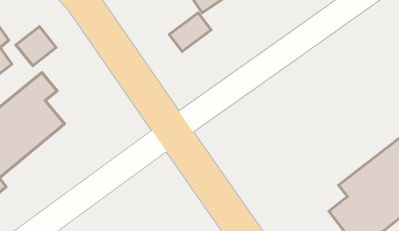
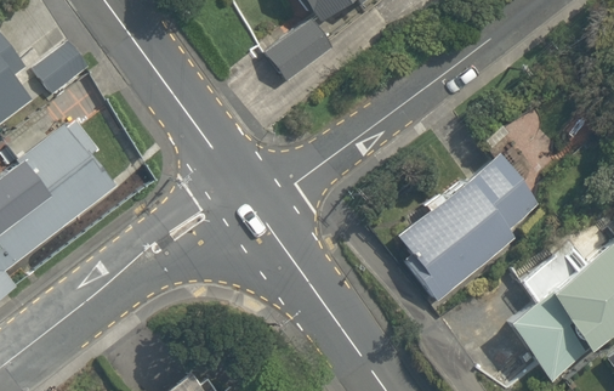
building: none -> [376,153,542,302]

